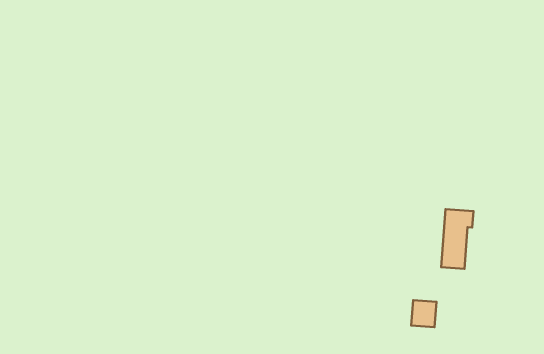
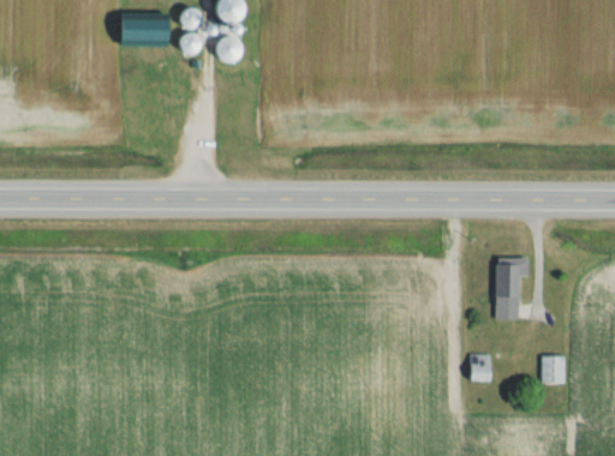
building: none -> [543,355,567,383]

